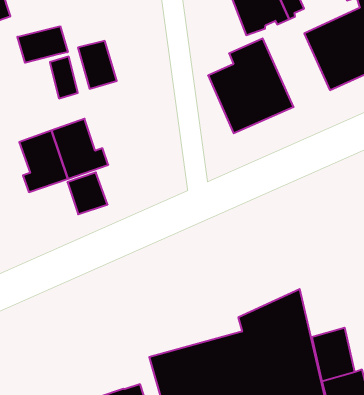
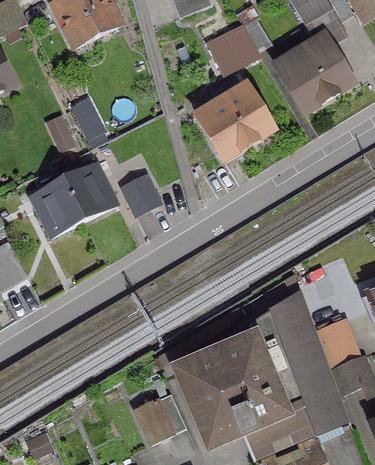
building: [17,26,68,63] -> none
building: [67,172,108,214] -> [121,175,159,214]

